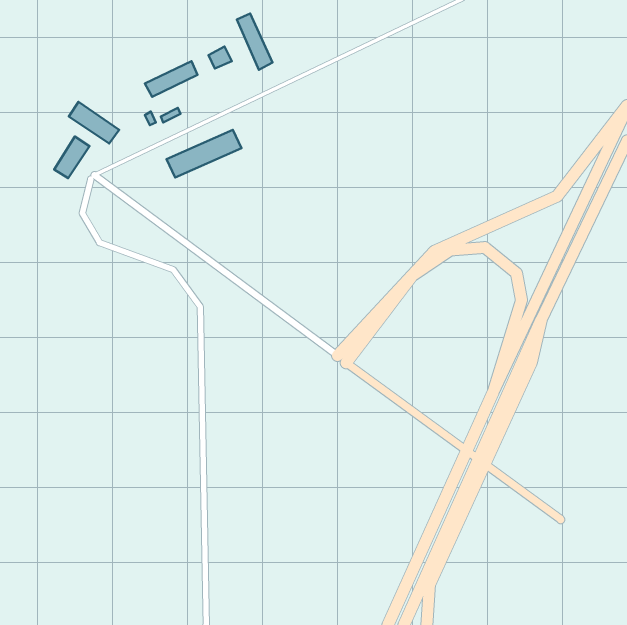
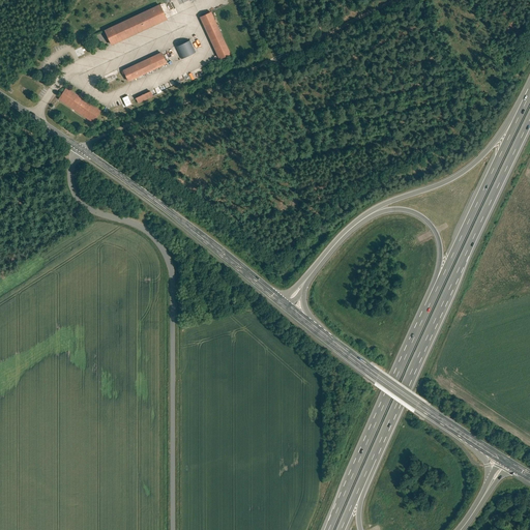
building: [166,130,241,178] -> [104,5,167,46]
building: [54,136,89,178] -> none

